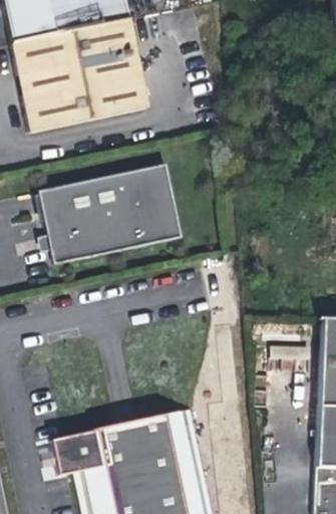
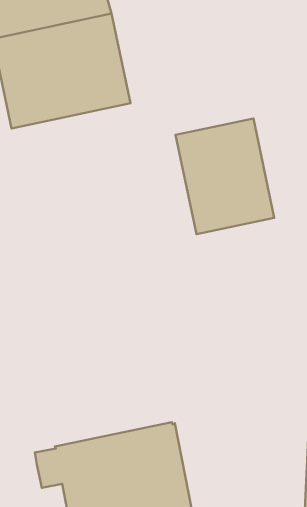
building: none -> [176,119,274,234]
building: [37,162,181,262] -> none

